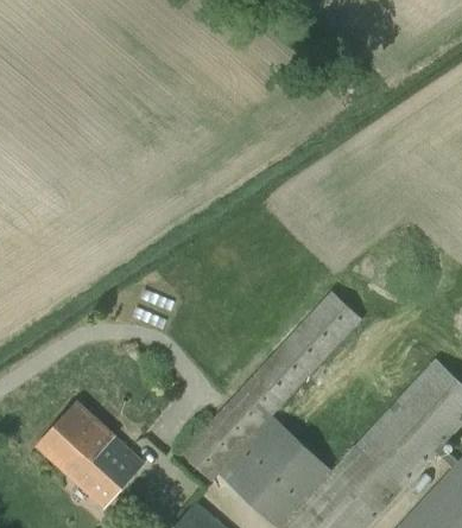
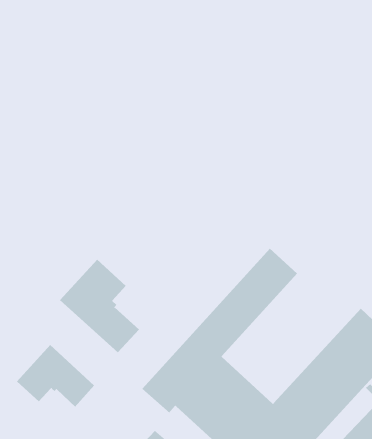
building: none -> [59,259,140,353]
building: [63,451,143,507] -> none

